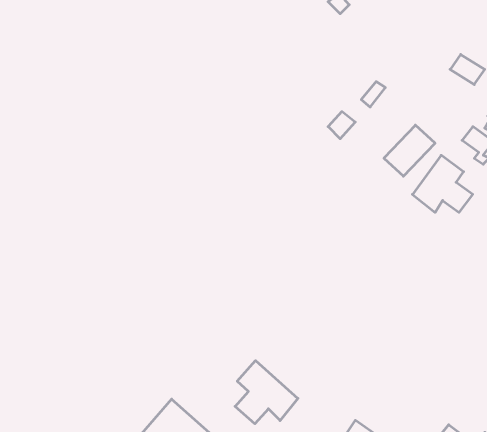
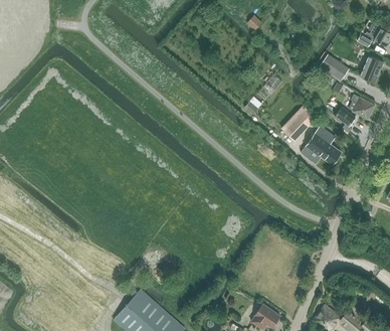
building: [235,361,298,424] -> none

